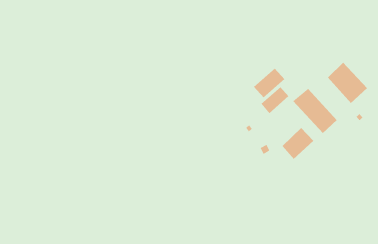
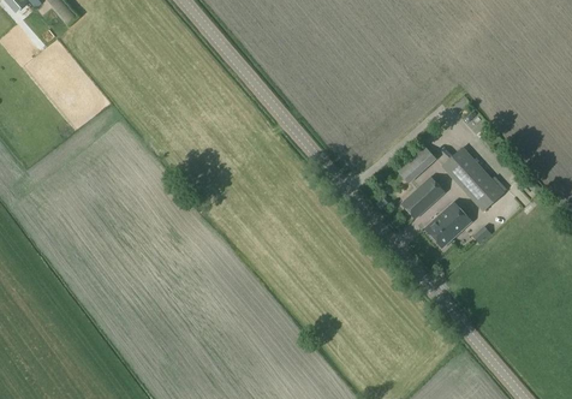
building: [327,62,368,104] -> none
building: [253,68,285,98] -> [400,175,445,218]

